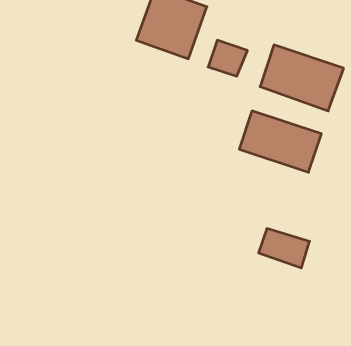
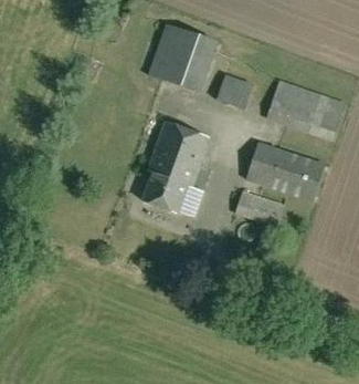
building: none -> [141,122,209,212]
building: [259,229,310,268] -> [235,190,284,228]

